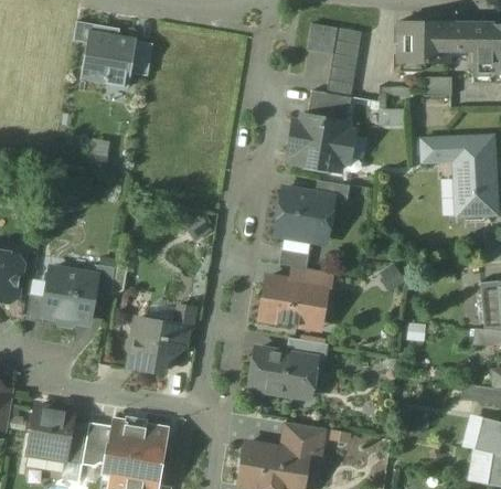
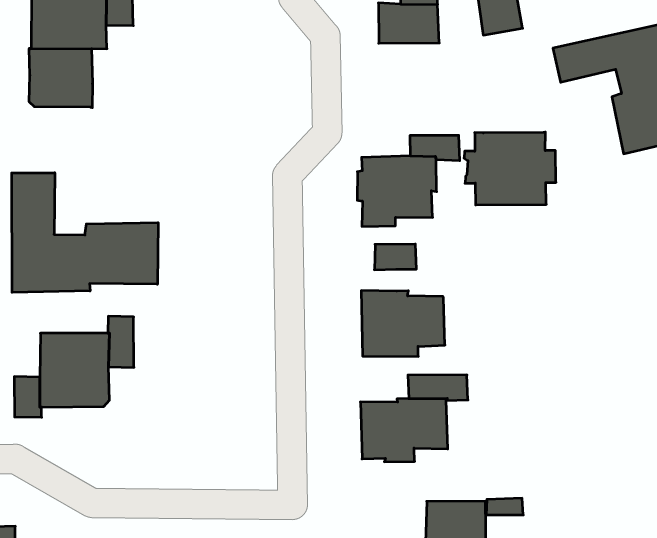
building: none -> [29,48,92,108]
building: [289,116,352,171] -> [464,132,556,205]
building: none -> [12,173,158,292]
building: [290,267,332,293] -> none
building: [127,307,193,373] -> none

